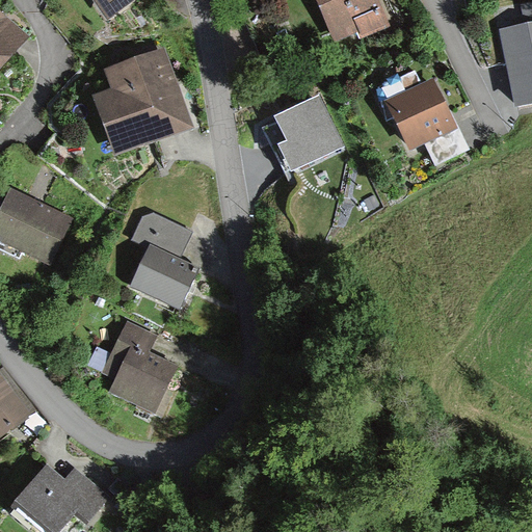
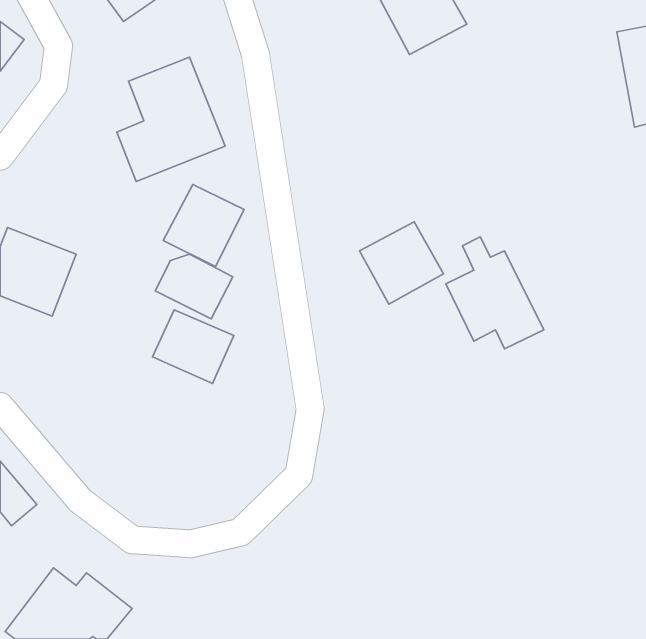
building: [385,72,466,163] -> [446,237,544,349]
building: [269,103,338,170] -> [360,222,443,304]
building: none -> [163,184,244,267]
building: [103,320,175,417] -> none

